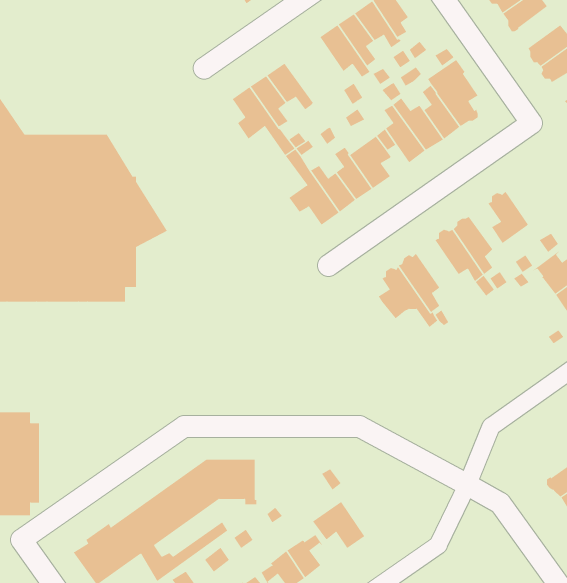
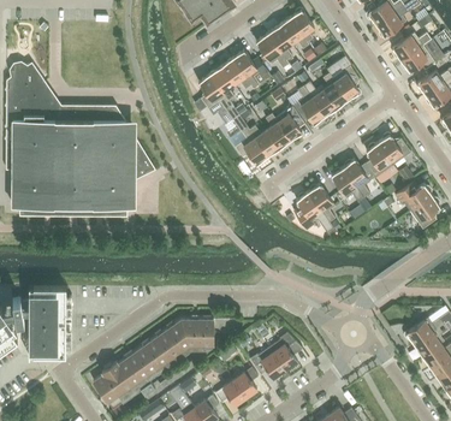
building: none -> [232,51,266,90]
building: none -> [378,134,411,166]
building: none -> [269,334,302,370]

